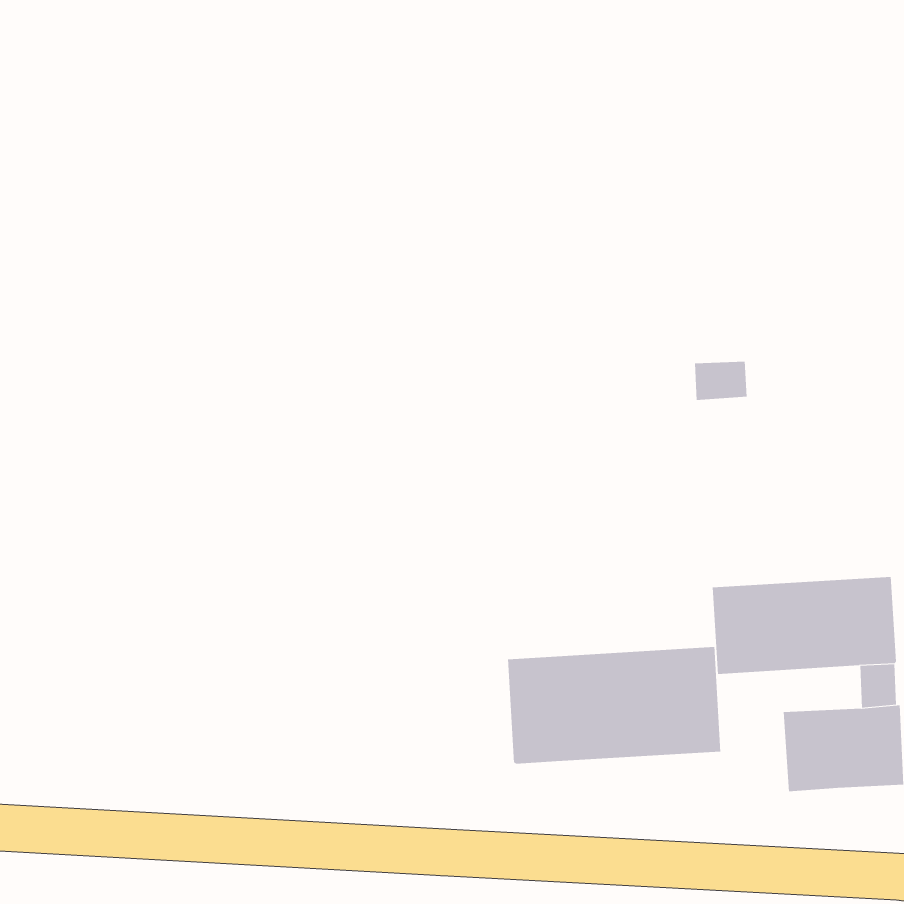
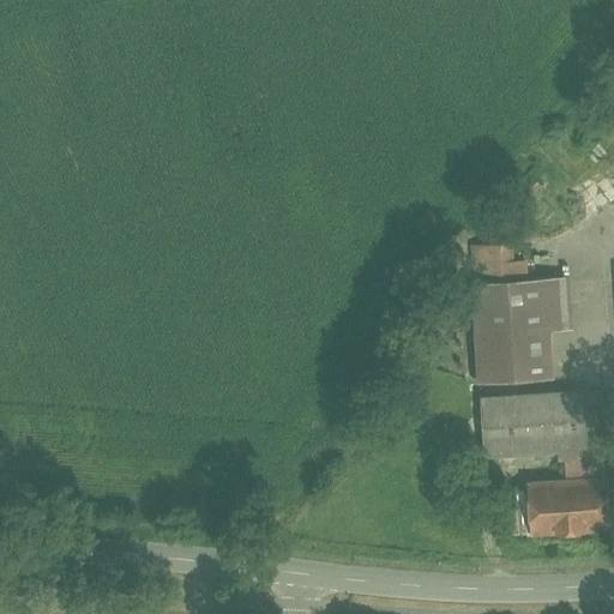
building: none -> [474,279,559,384]
building: [507,646,721,765] -> none

